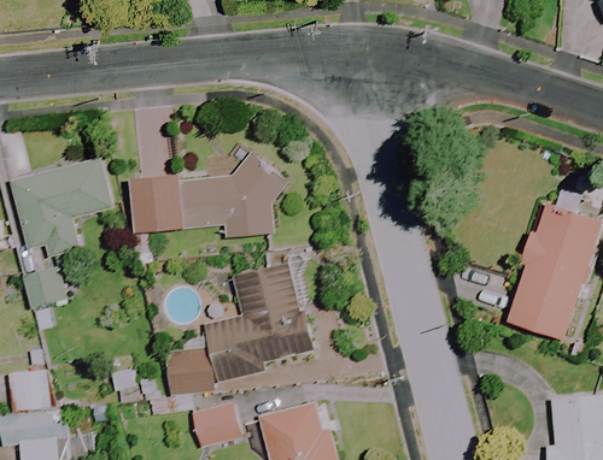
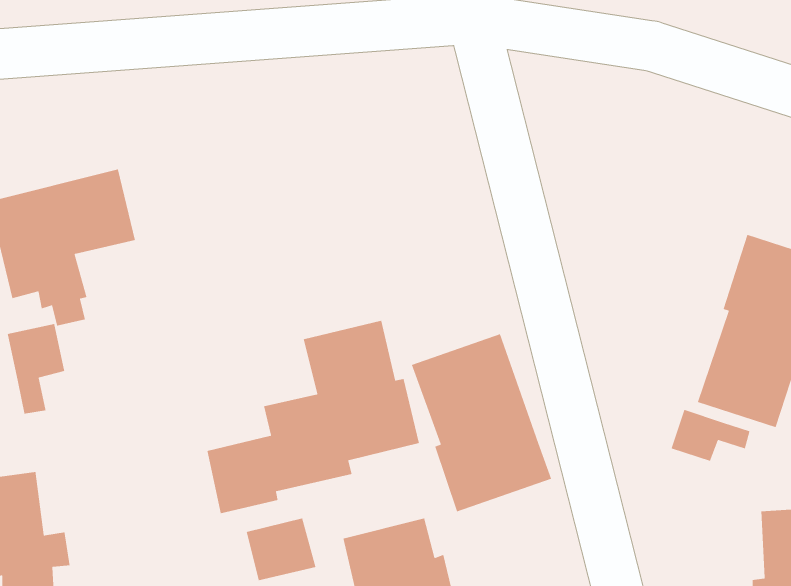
building: [134,154,283,235] -> none
building: none -> [411,333,552,512]
building: none -> [671,409,751,462]

